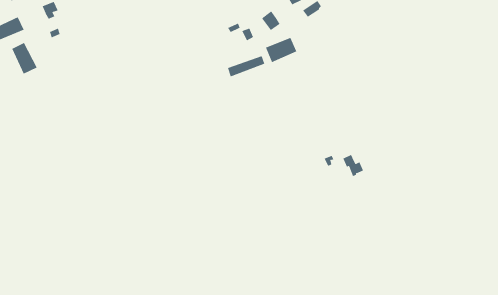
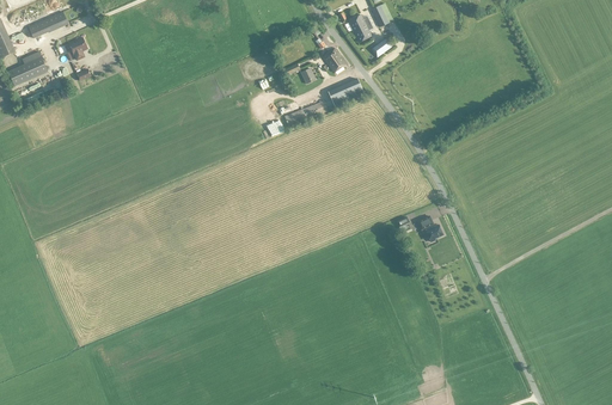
building: [12,42,37,74] -> none

